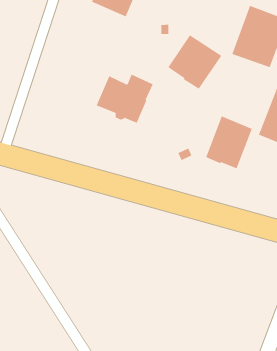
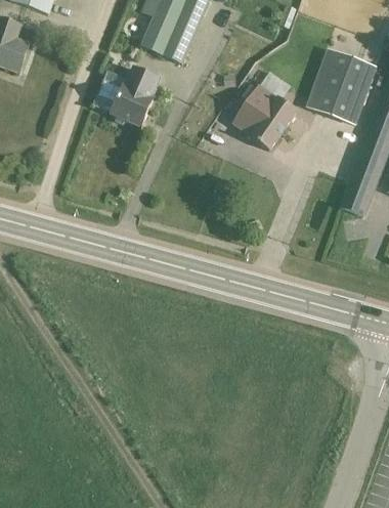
building: [96,74,153,124] -> [91,67,160,126]
building: [206,116,253,169] -> none

